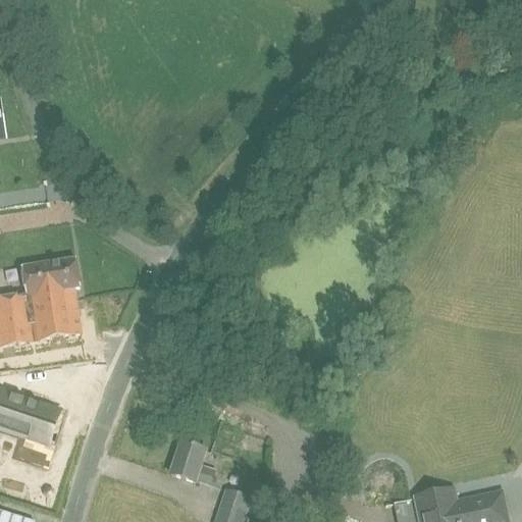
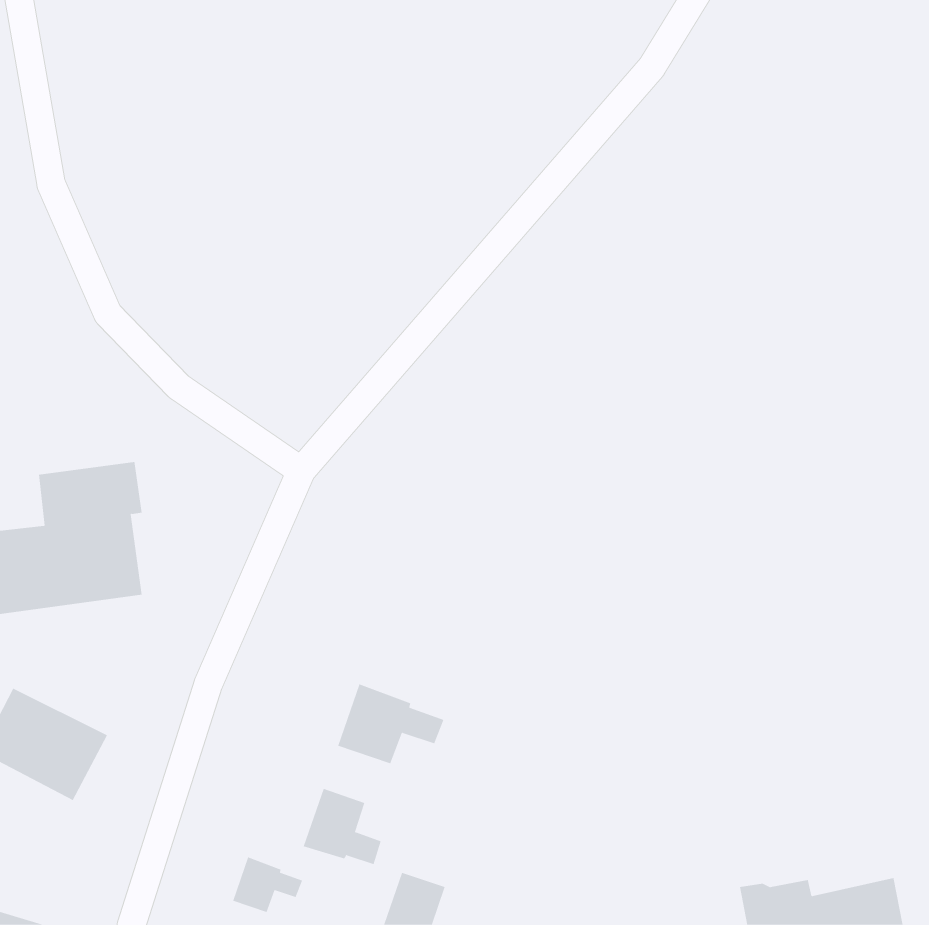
building: none -> [338,683,444,764]
building: none -> [233,857,303,913]

